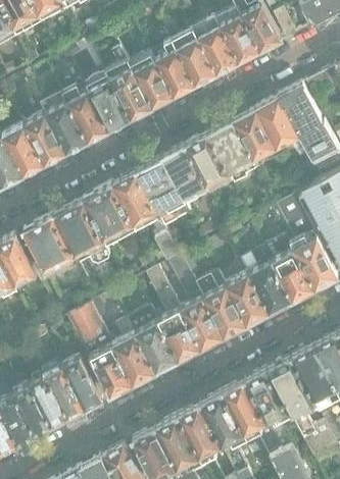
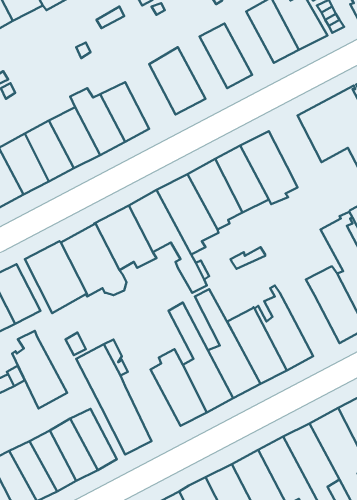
building: [194,21,236,75] -> none
building: [154,43,196,96] -> none
building: [105,48,152,121] -> none
building: [232,110,277,163] -> none
building: [241,250,292,315] -> none
building: [109,321,156,387] -> [12,331,67,409]

